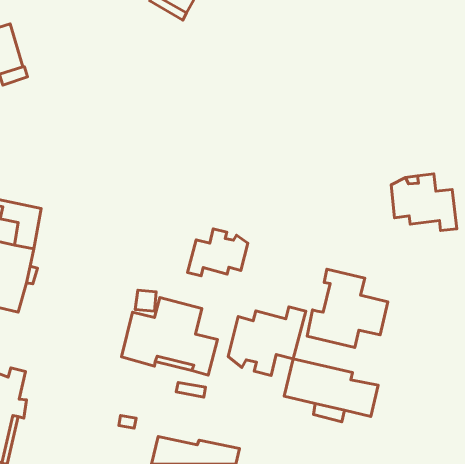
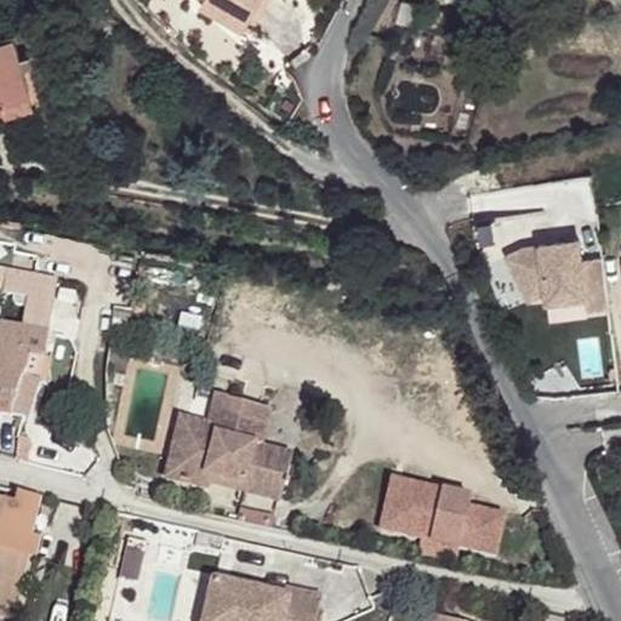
building: [188,229,248,276] -> none
building: [307,269,388,347] -> none
building: [228,307,306,376] -> none

